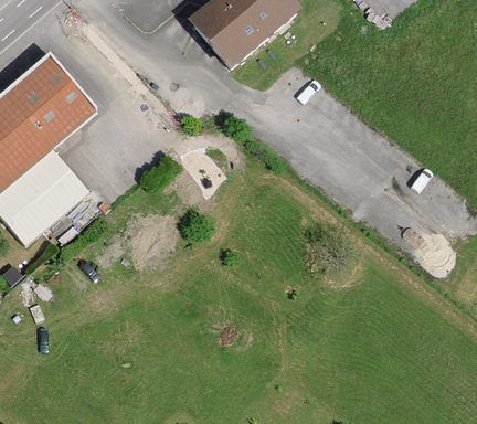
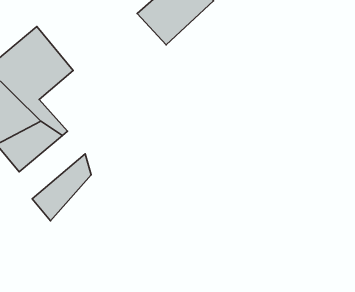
building: none -> [32,154,91,221]

